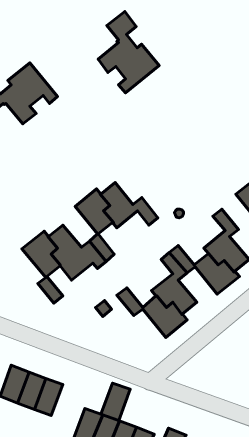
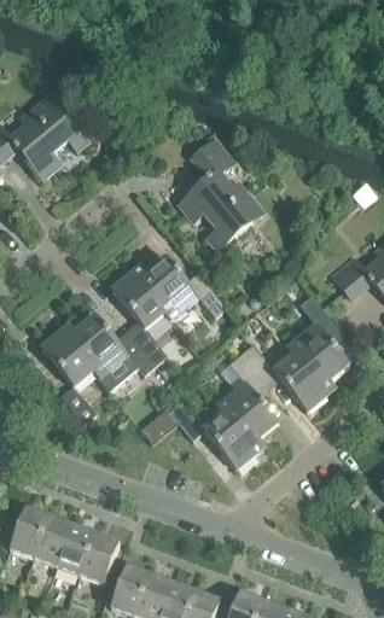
building: [98,11,159,93] -> [179,138,262,249]
building: [101,383,130,420] -> [80,532,120,583]

